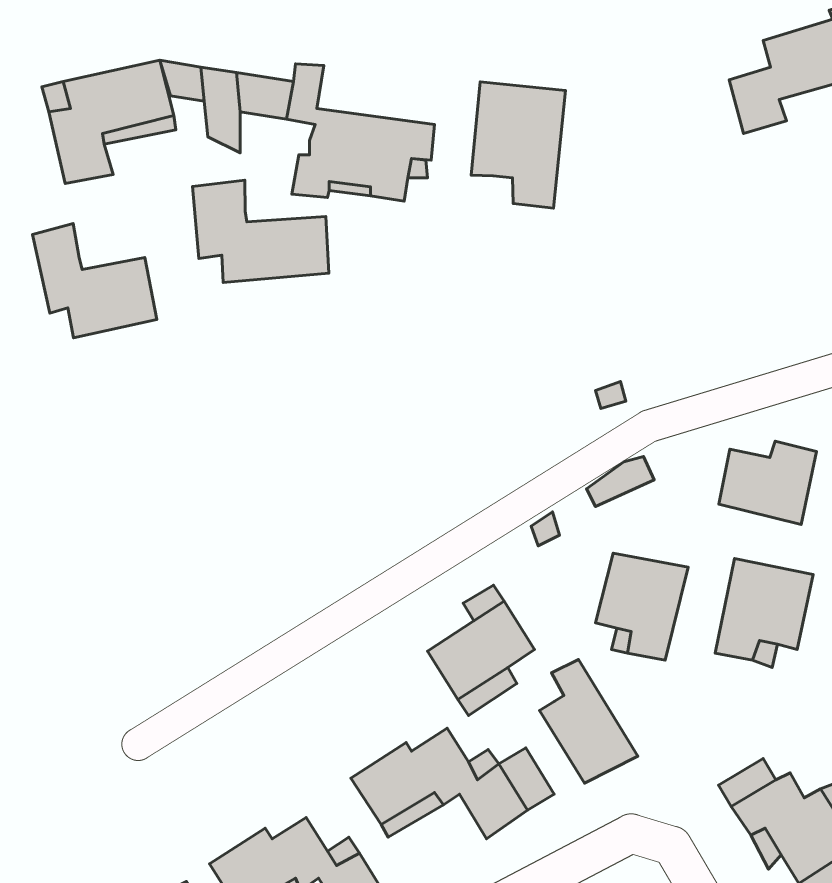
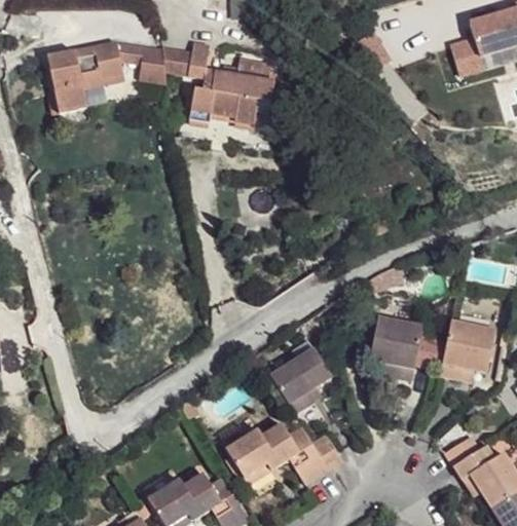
building: [471,82,565,208] -> none
building: [192,180,329,283] -> none
building: [32,223,157,338] -> none
building: [719,441,816,525] -> none
building: [539,659,638,783] -> none

